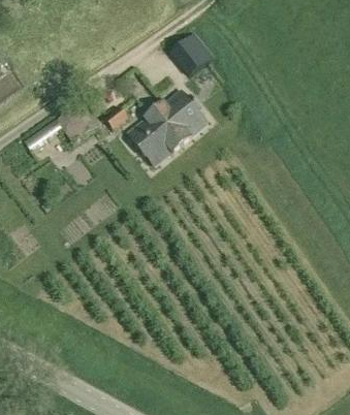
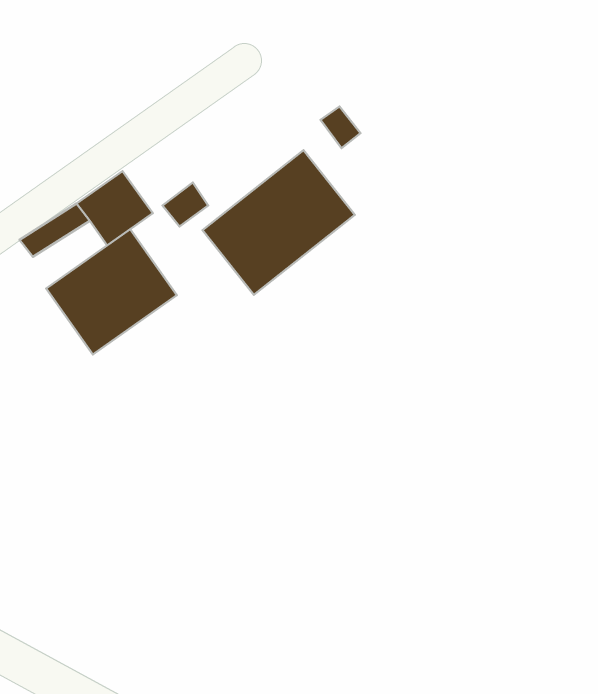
building: [170,31,209,69] -> none
building: none -> [46,229,177,355]

